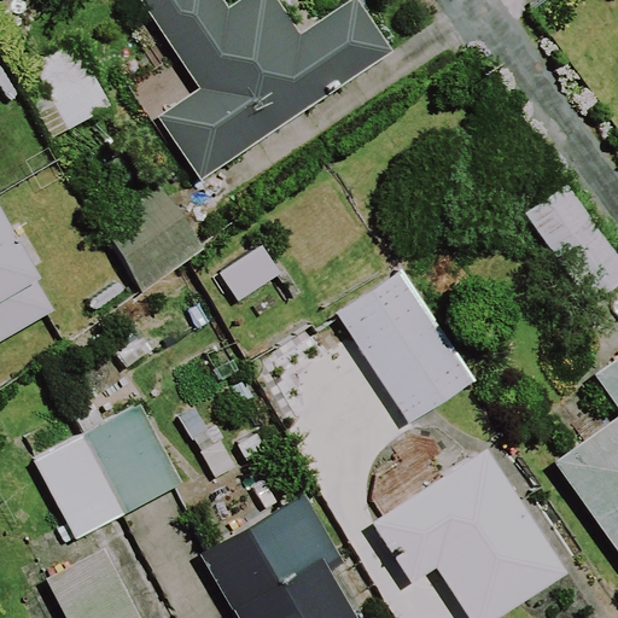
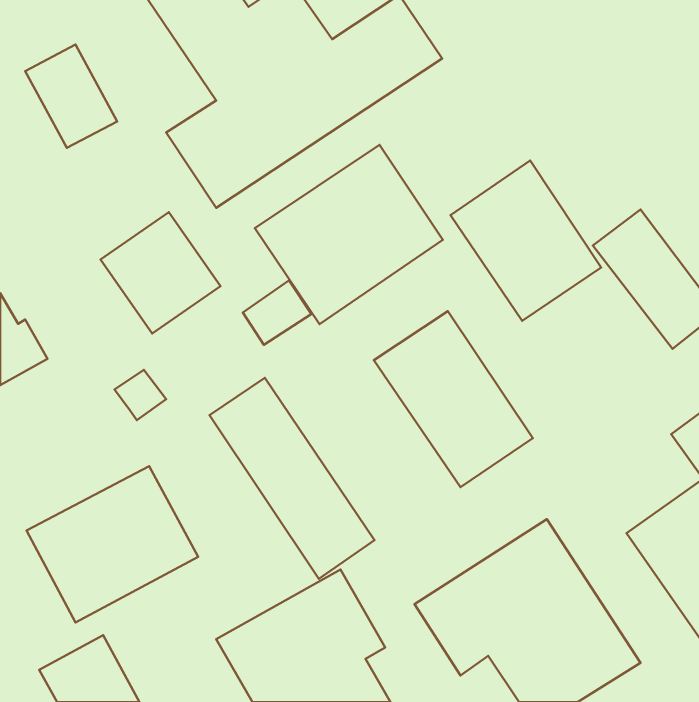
building: none -> [255,145,443,324]
building: none -> [450,160,601,321]
building: none -> [210,378,375,579]

